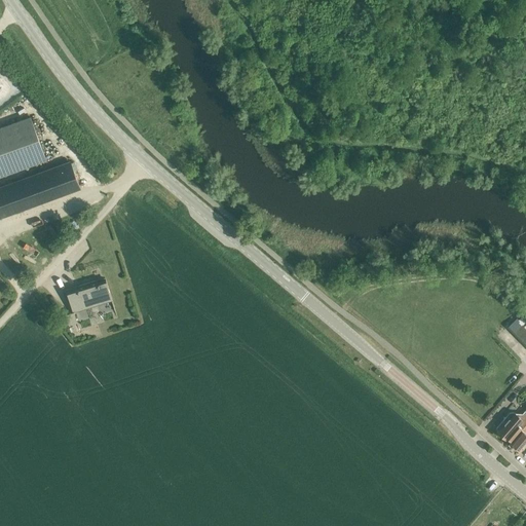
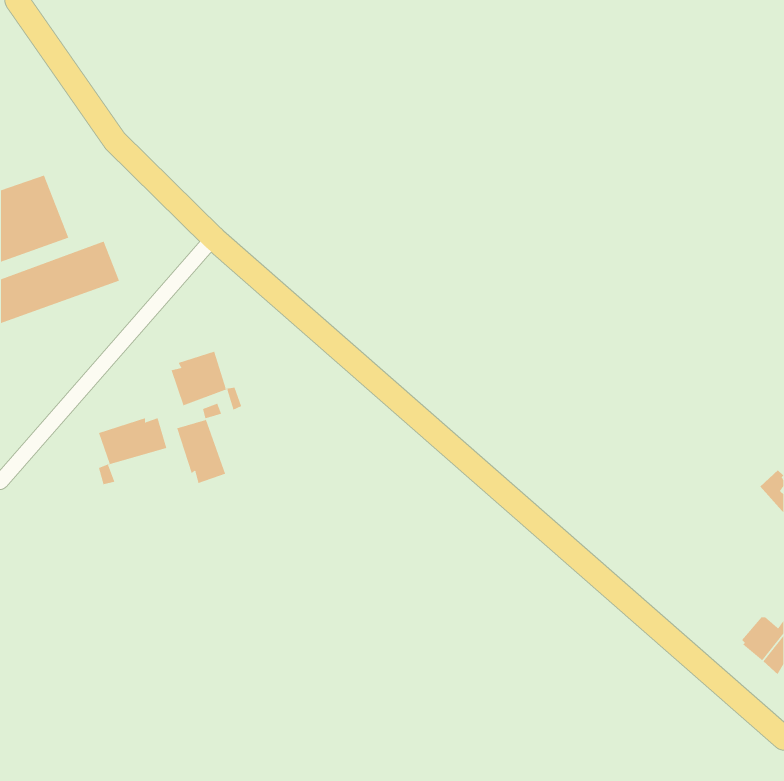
building: none -> [171,351,242,410]
building: none -> [177,403,226,484]

